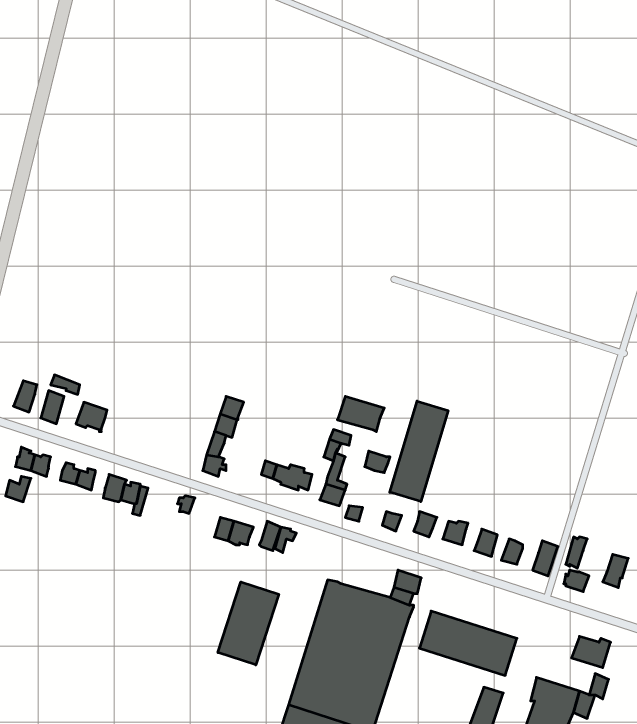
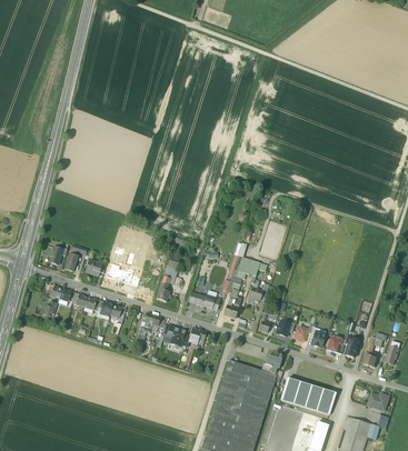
building: [390,401,448,502] -> none
building: [218,582,279,665] -> none

